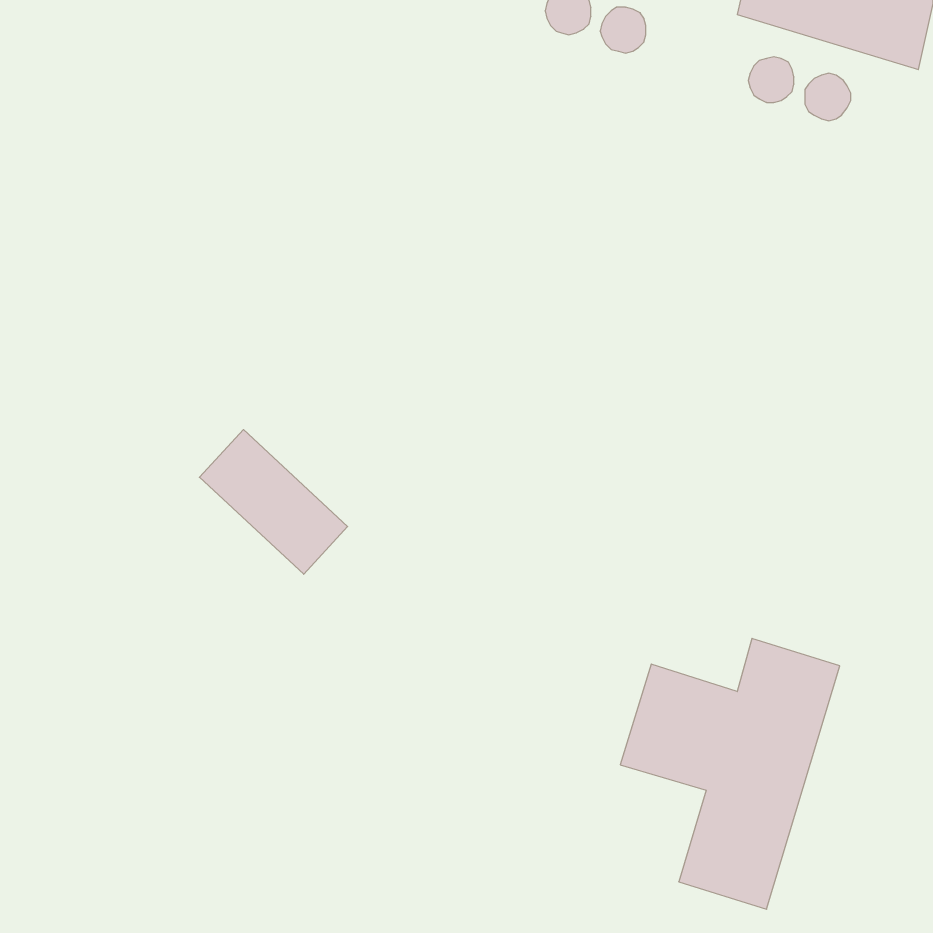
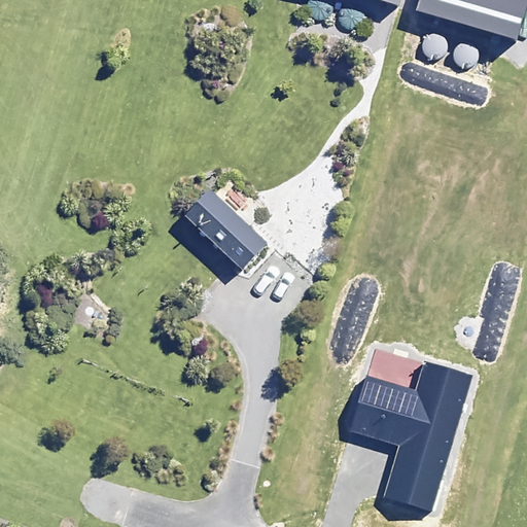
building: [199,430,348,574] -> [183,187,267,269]

